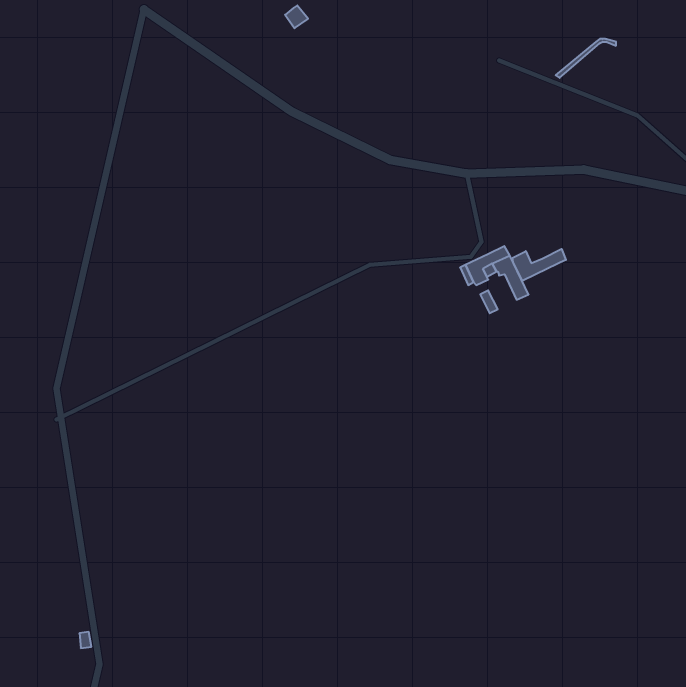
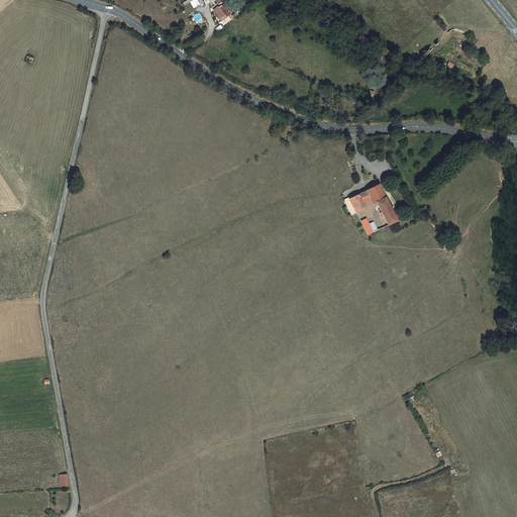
building: [513,249,566,281] -> none

